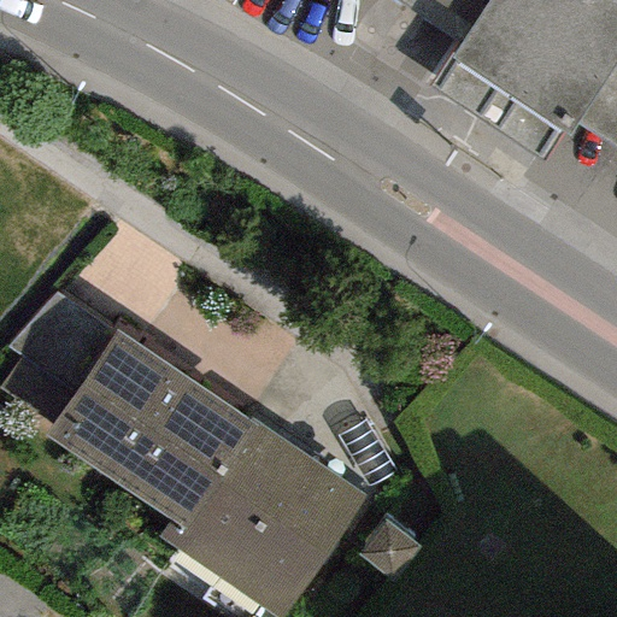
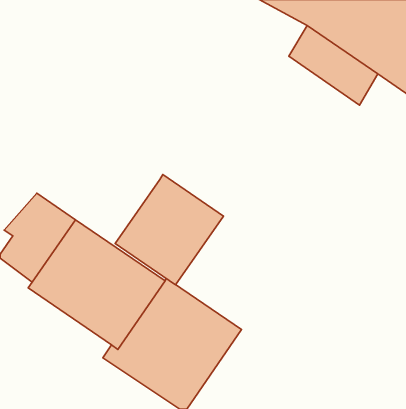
building: none -> [115,174,224,285]

